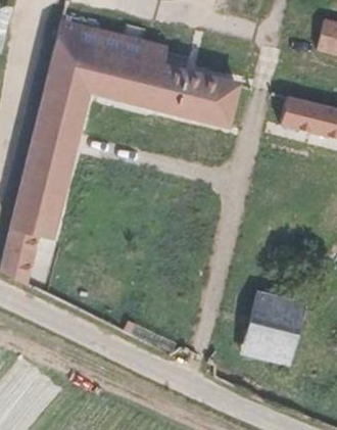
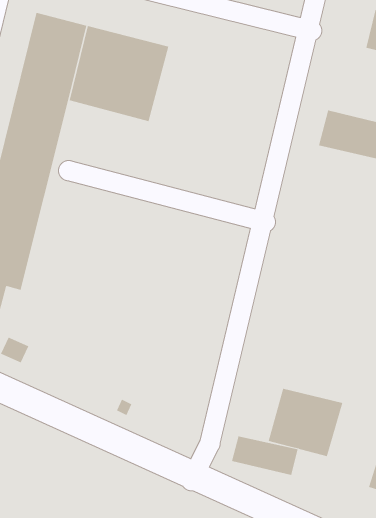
building: [151,65,239,126] -> none
building: [254,293,306,324] -> [231,436,298,476]

